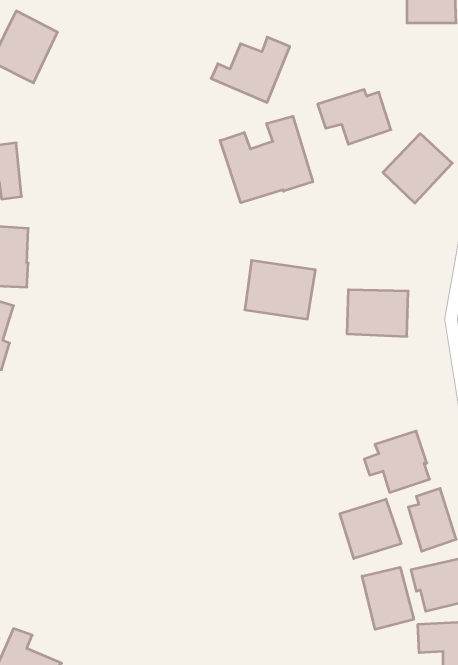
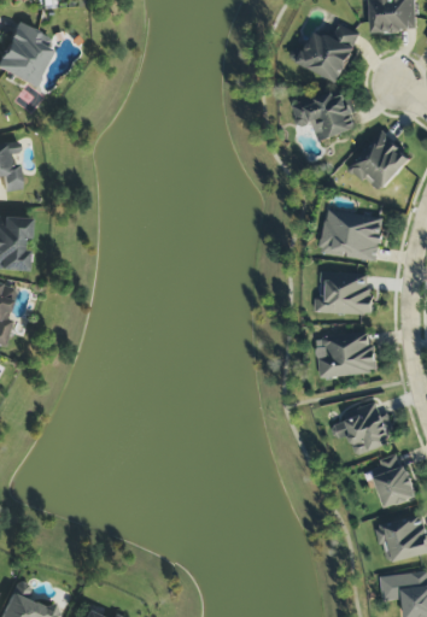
building: [211,37,290,102] -> [289,23,361,82]
building: [220,116,313,203] -> none
building: [245,260,315,319] -> [321,208,385,262]
building: none -> [316,330,379,378]
building: [340,499,401,559] -> none
building: [362,567,414,629] -> none

